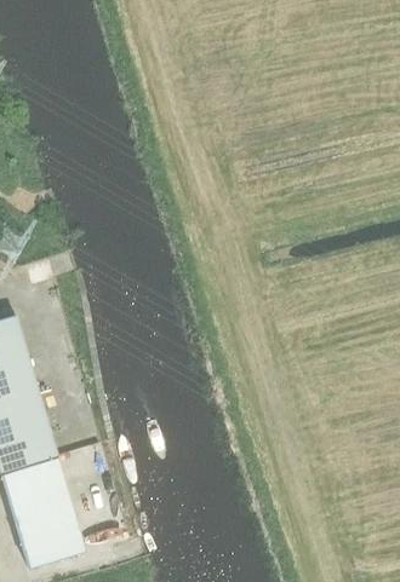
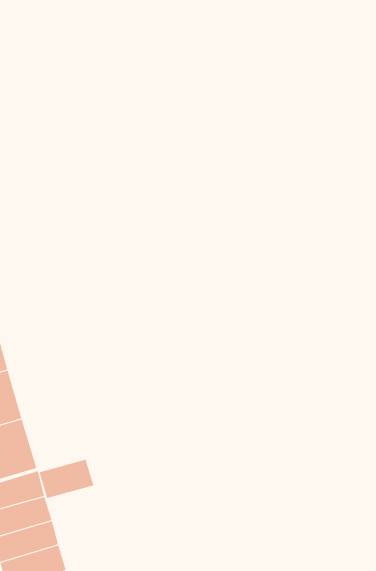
building: none -> [39,459,94,499]

